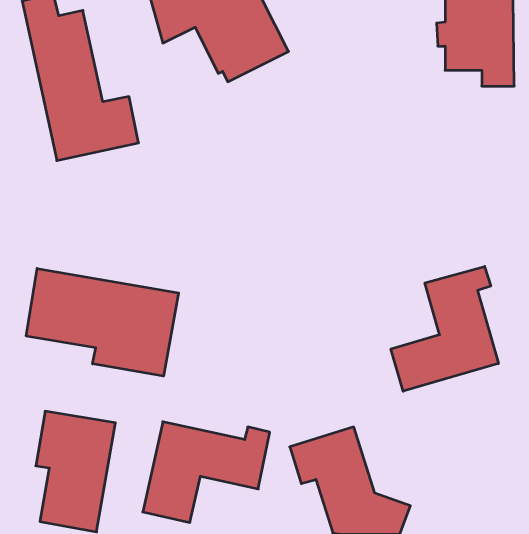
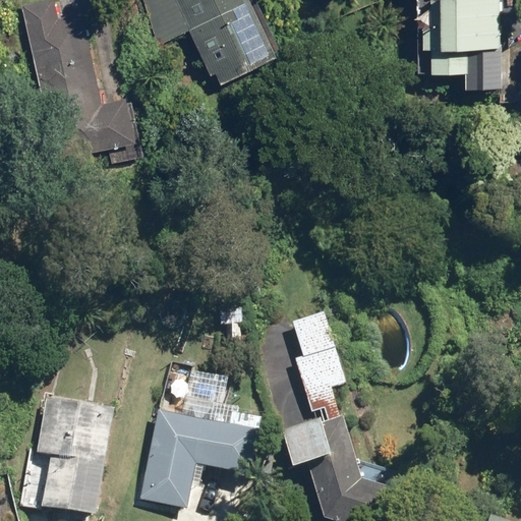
building: [391,266,498,391] -> none
building: [26,268,179,376] -> none
building: none -> [293,310,345,404]

